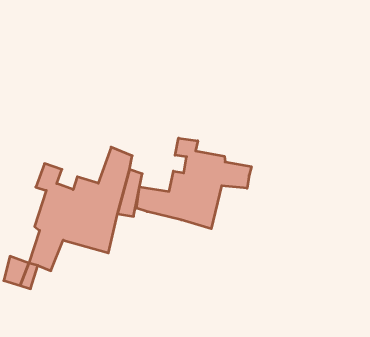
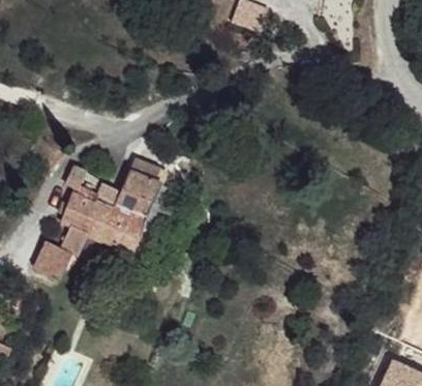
building: [137,138,251,229] -> none

